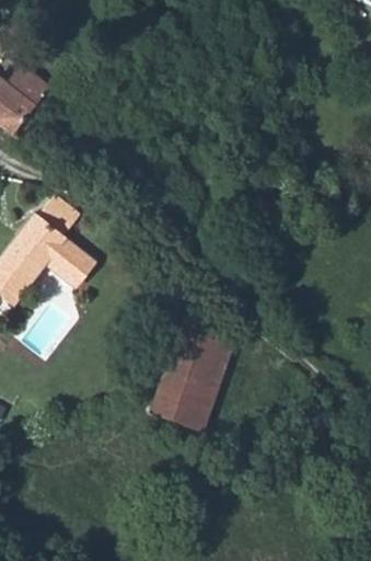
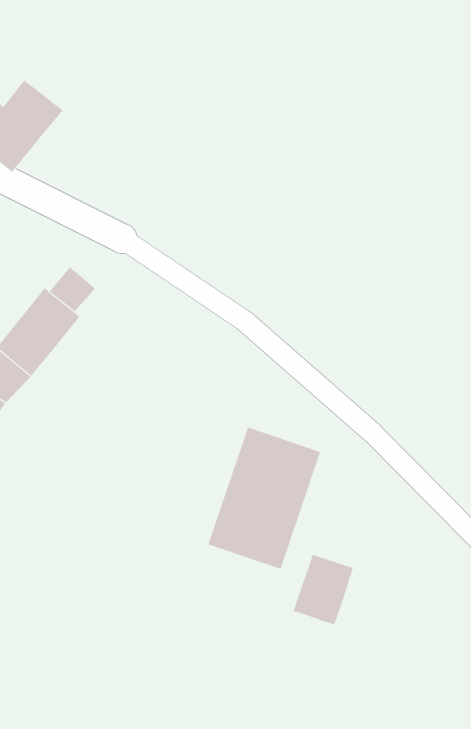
building: [42,241,88,287] -> none
building: none -> [293,554,354,625]

